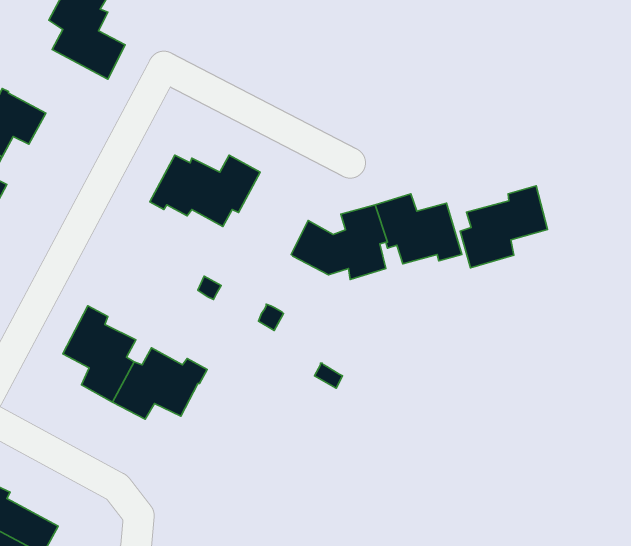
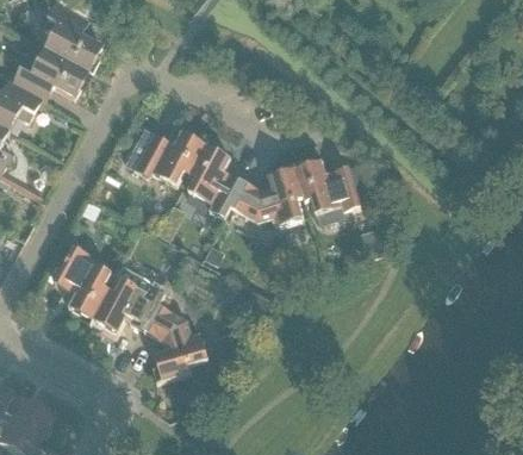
building: none -> [12,48,88,100]
building: none -> [187,142,242,217]
building: [460,186,547,268] -> none
building: none -> [144,304,206,379]

